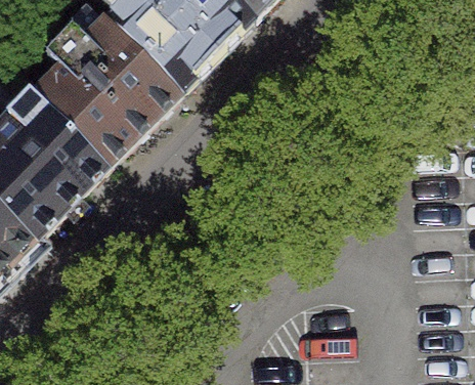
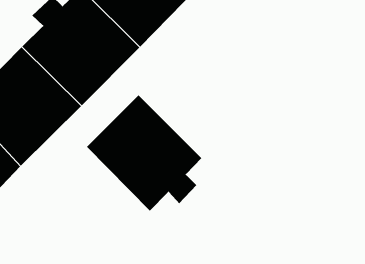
building: none -> [86,94,202,211]

